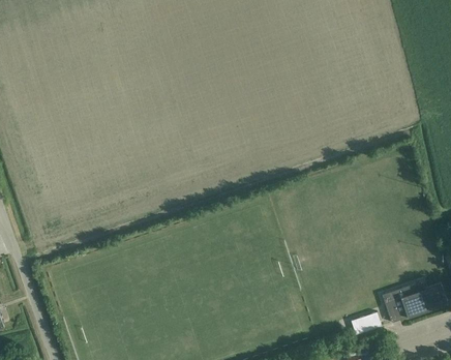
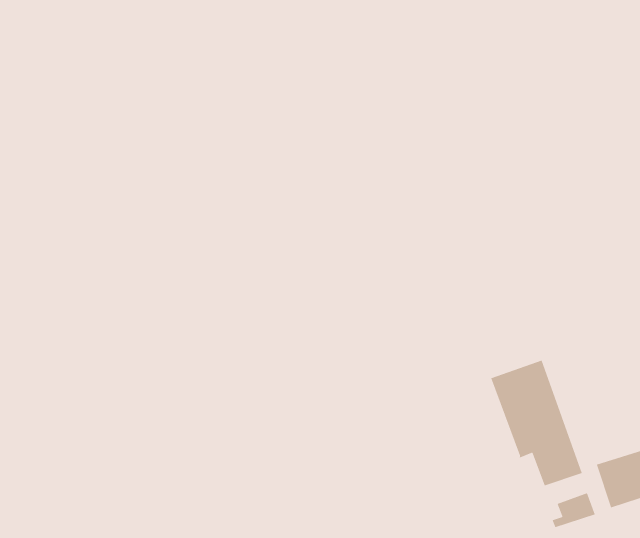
building: none -> [490,360,583,486]

